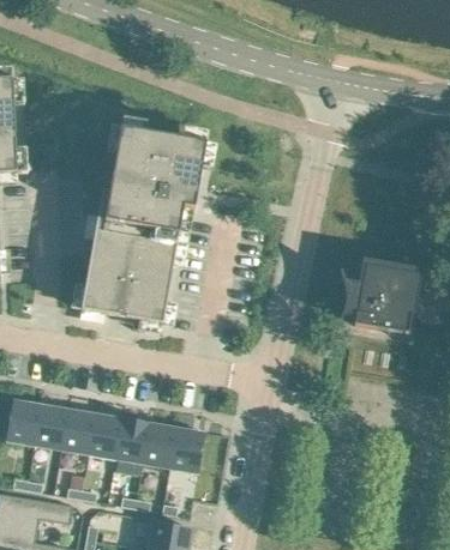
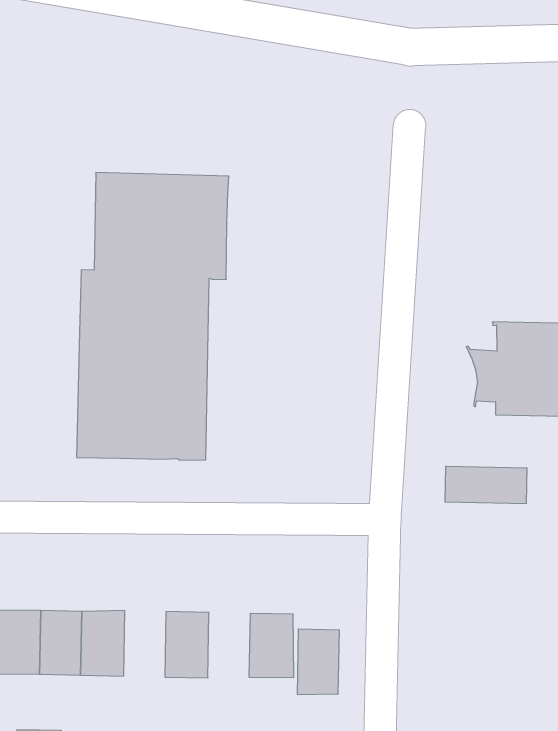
building: none -> [445,466,527,504]
building: [88,412,121,459] -> none
building: [142,422,175,467] -> [297,629,339,695]

